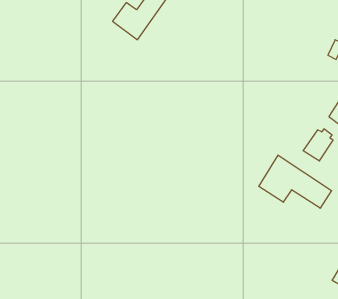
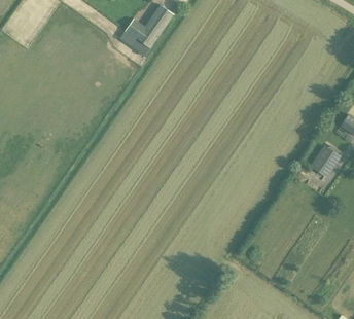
building: [259,155,332,208] -> none

